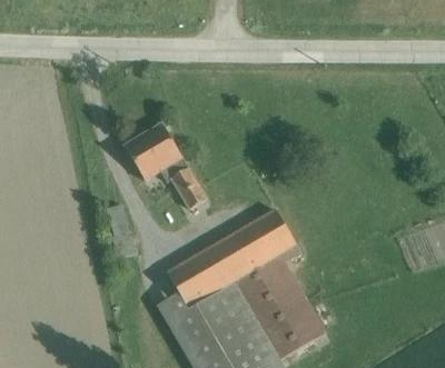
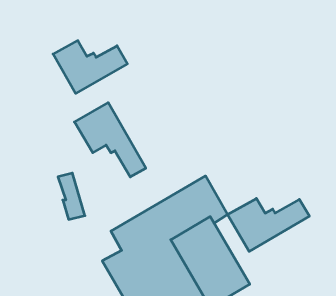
building: none -> [53,41,127,93]
building: none -> [228,198,309,251]

